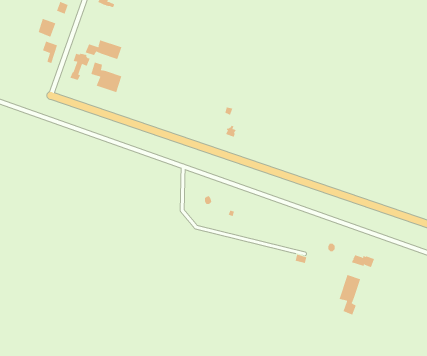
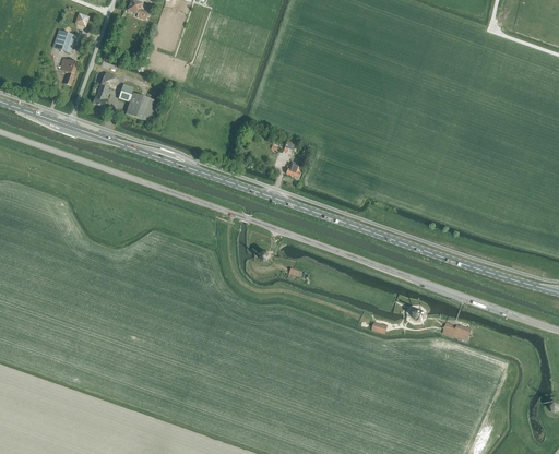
building: [85,39,122,60] -> none
building: [339,274,361,316] -> none

